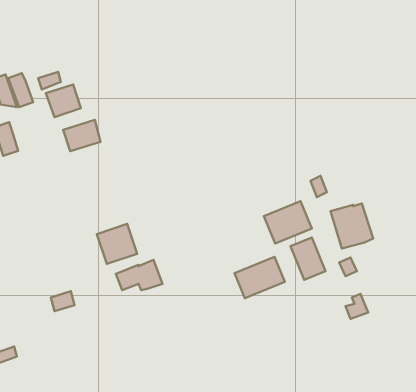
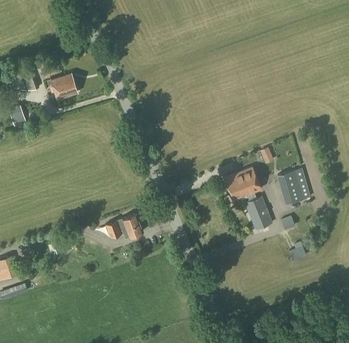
building: [63,120,100,151] -> none
building: [97,224,137,264] -> none
building: [235,257,285,298] -> none

